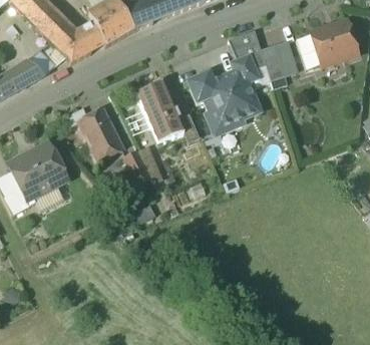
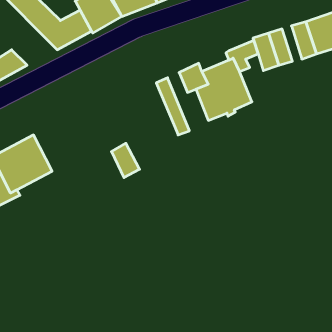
building: [227,29,260,60] -> none
building: [135,79,182,138] -> none
building: [76,109,121,160] -> none

